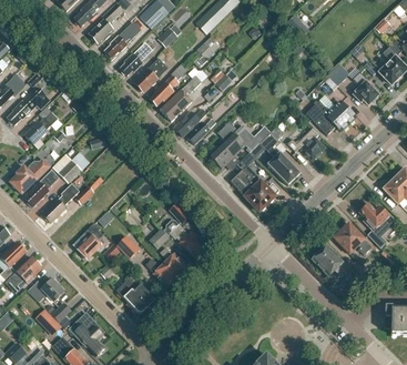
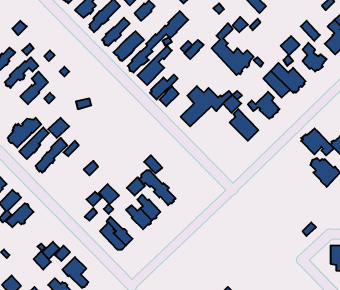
building: [232,151,281,211] -> [212,23,254,75]
building: [336,222,374,253] -> [301,128,334,155]
building: [78,223,104,257] -> none
building: [314,244,348,276] -> none
building: [29,277,67,301] -> none

